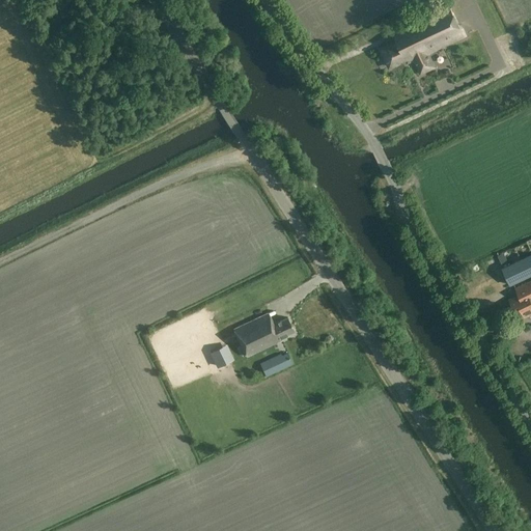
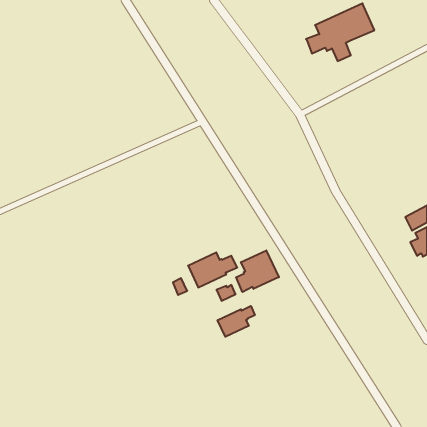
building: none -> [236,250,279,292]
building: none -> [218,306,255,337]

